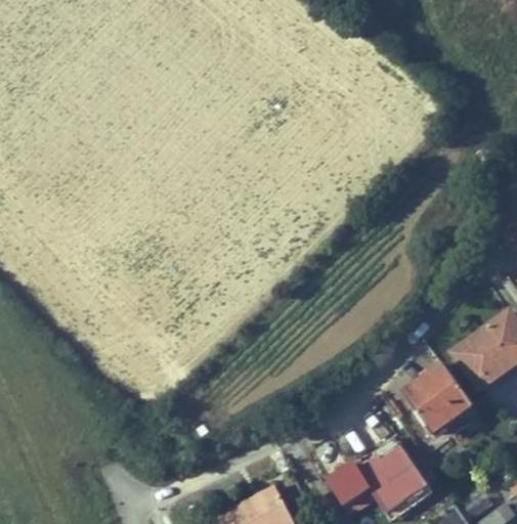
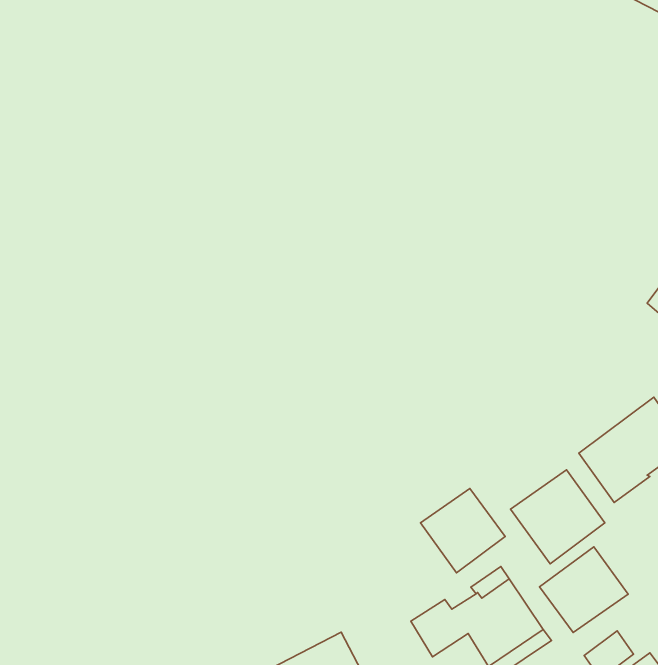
building: none -> [420,488,505,573]
building: none -> [540,547,628,633]

